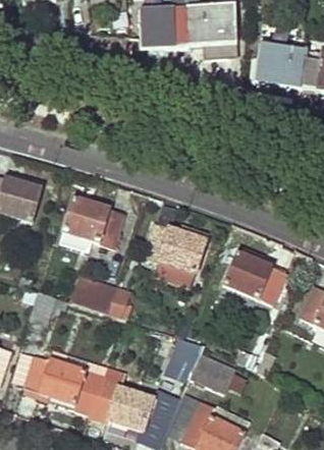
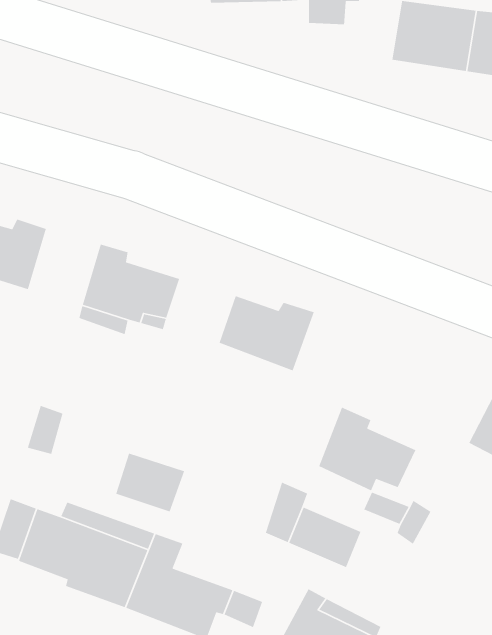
building: [225,246,285,298] -> [318,407,417,492]
building: [72,277,115,314] -> [115,453,185,513]

